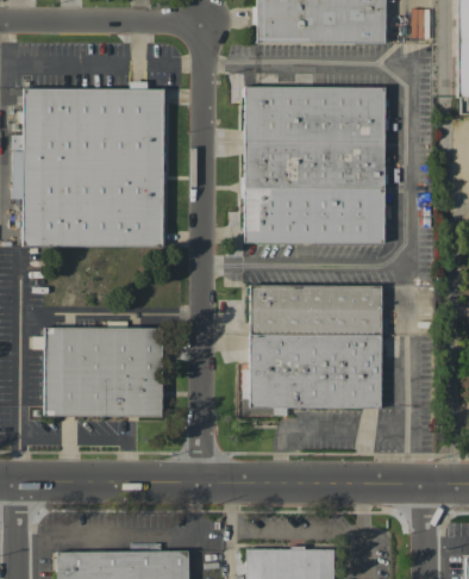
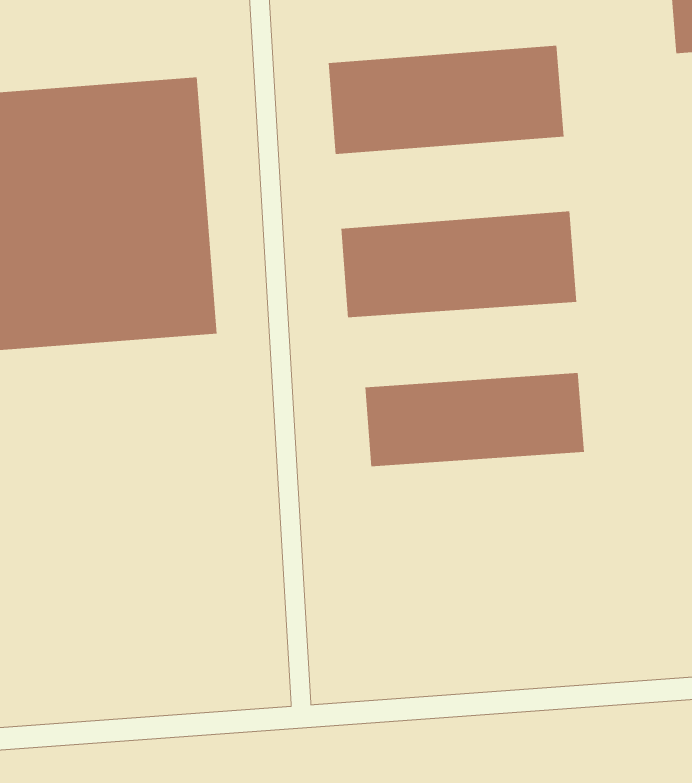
building: [243,142,383,187] -> none
building: [44,326,162,416] -> none
building: [249,334,381,407] -> none

